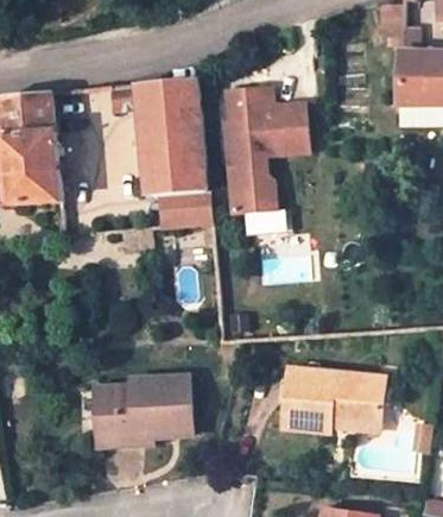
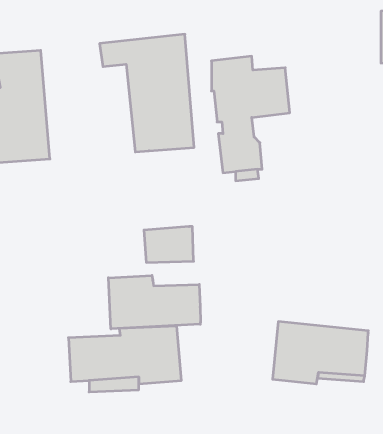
building: [160,191,211,228] -> [144,227,194,262]
building: none -> [108,275,200,329]

